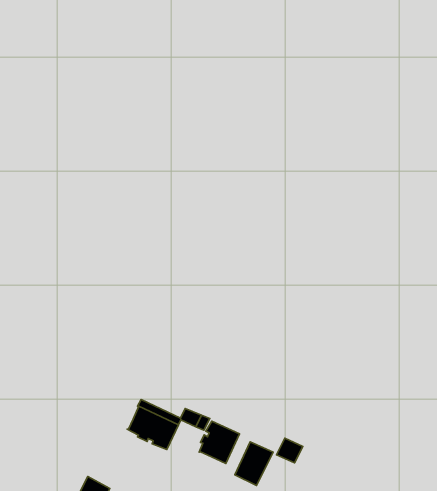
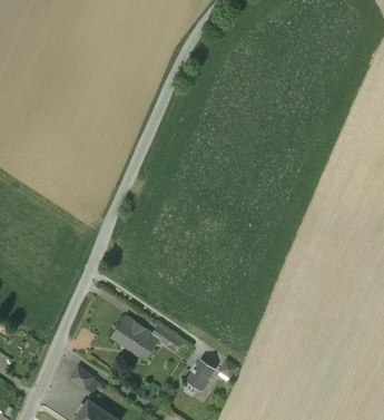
building: [199,421,239,464] -> none

